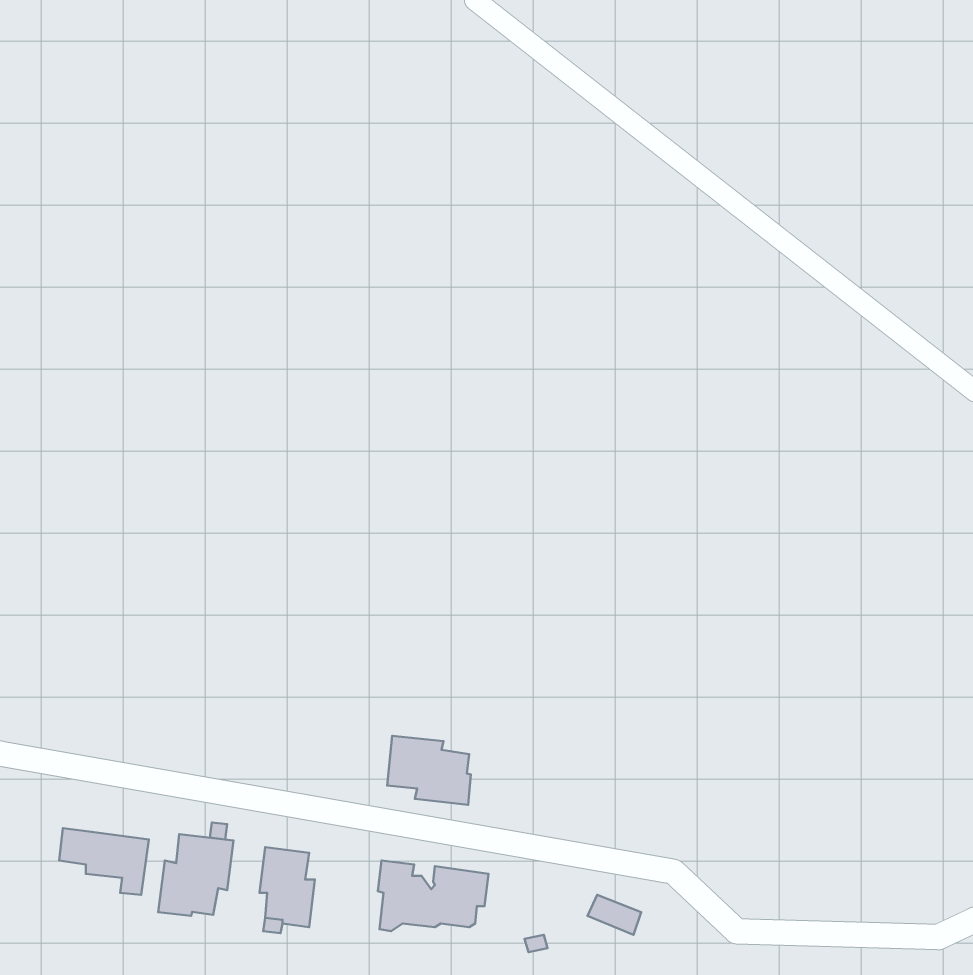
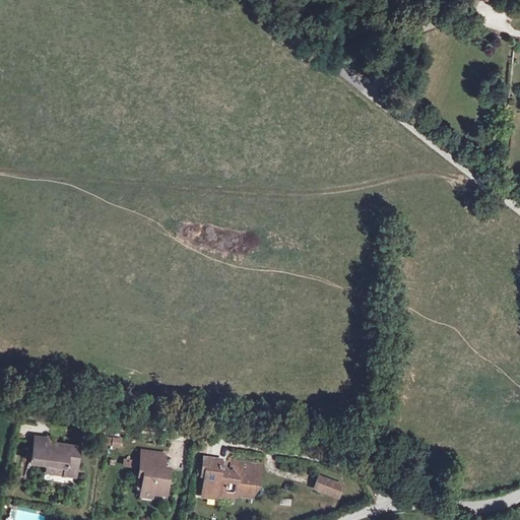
building: [387,736,471,805] -> none
building: [158,834,233,916] -> none

